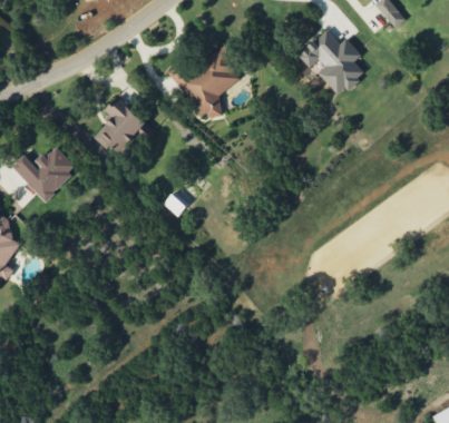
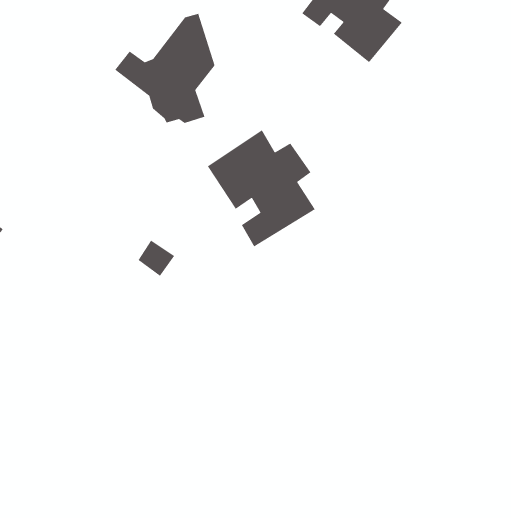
building: [94,97,150,157] -> none
building: none -> [207,129,316,247]

